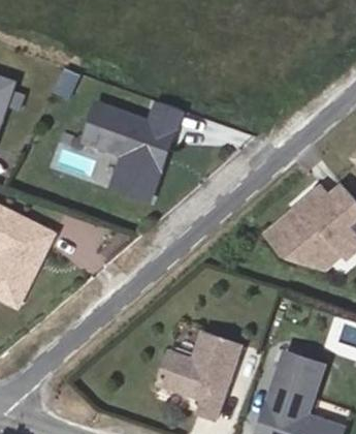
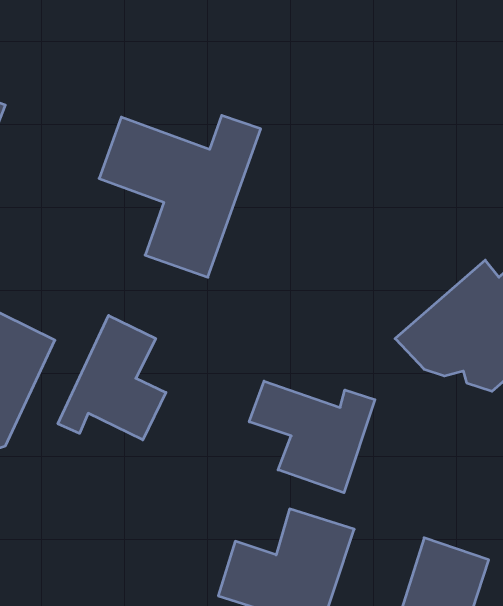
building: none -> [58,315,166,440]
building: none -> [249,381,375,493]

